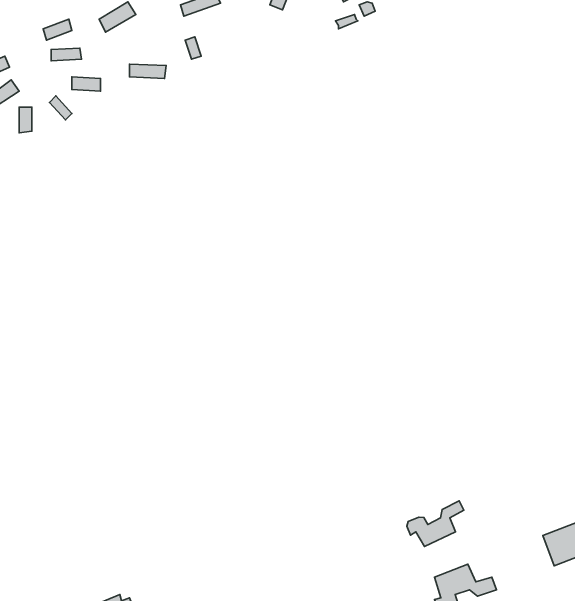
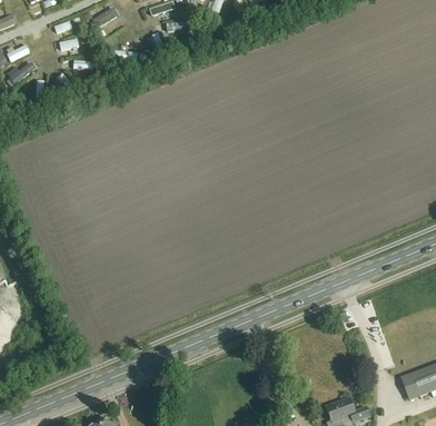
building: [407,501,464,546] -> none

